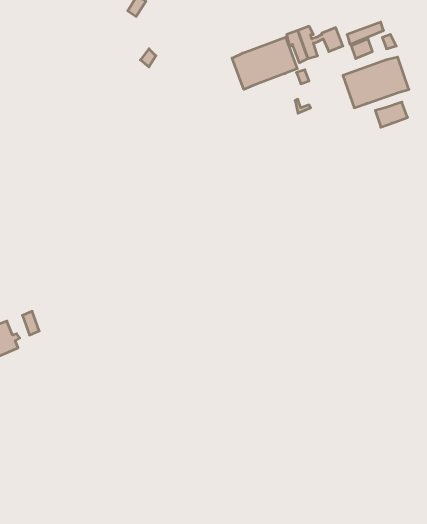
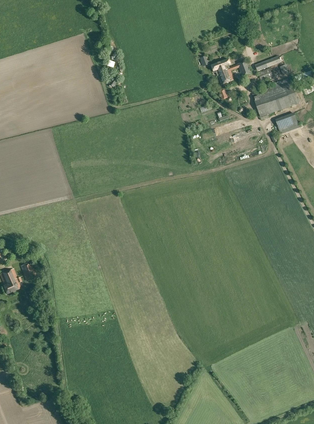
building: [232,37,297,89] -> none

